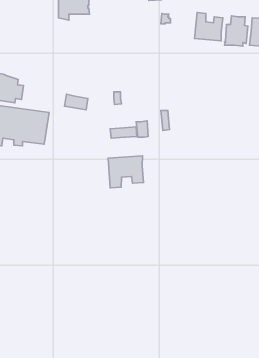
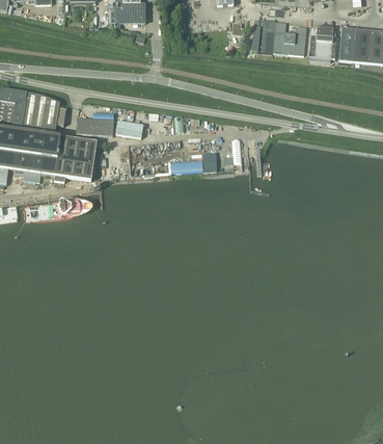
building: none -> [251,19,275,52]
building: none -> [76,117,113,134]
building: [108,156,143,188] -> none

